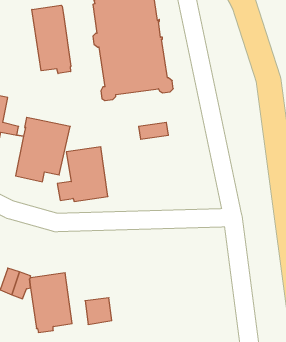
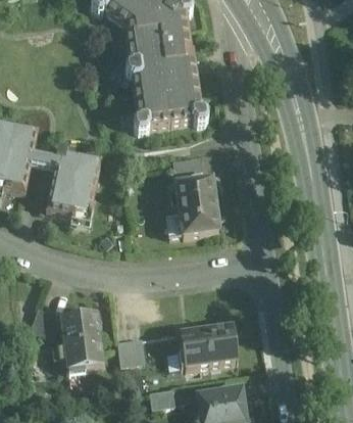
building: [32,5,71,74] -> none
building: [57,147,108,201] -> [165,177,217,233]
building: none -> [179,323,237,367]

